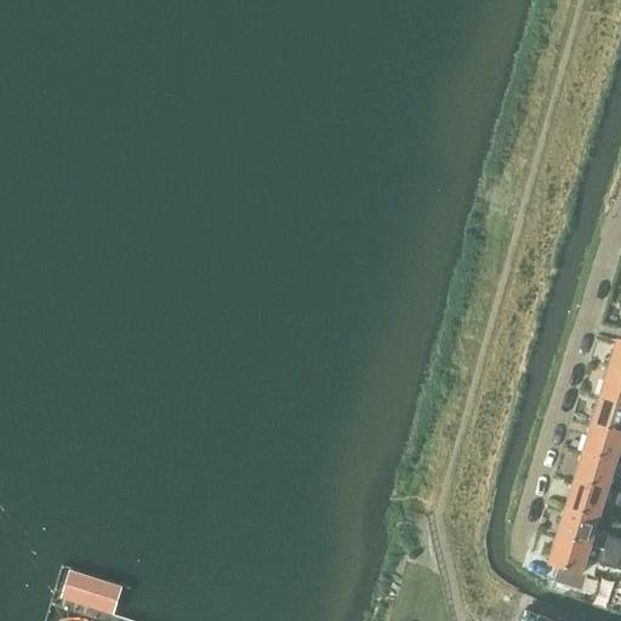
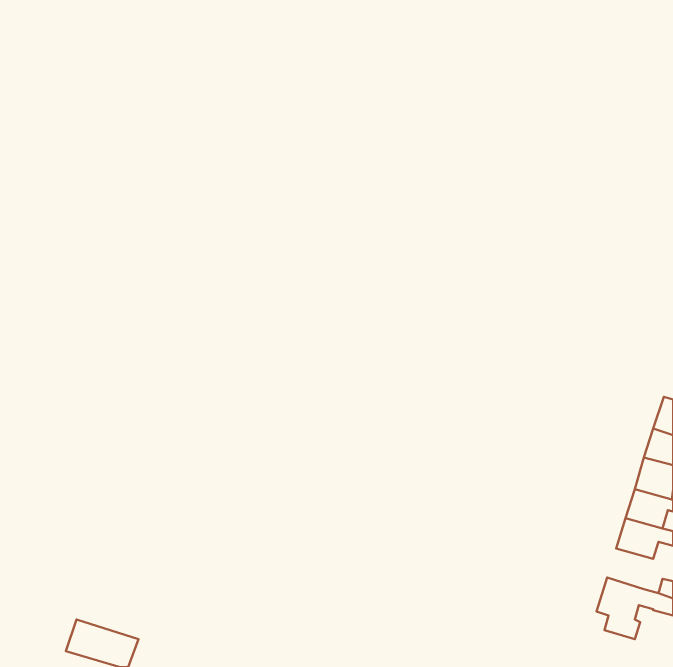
building: [558,505,608,542] -> none

